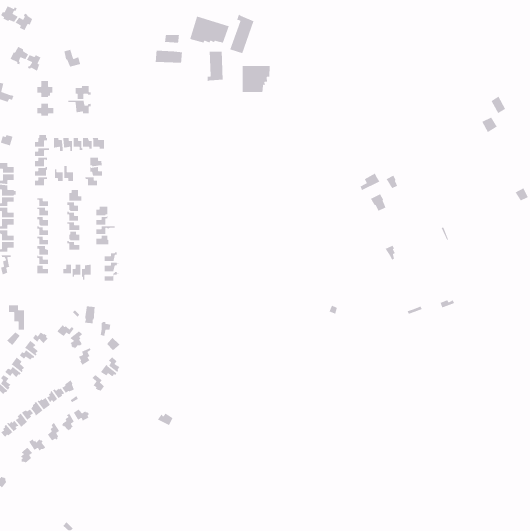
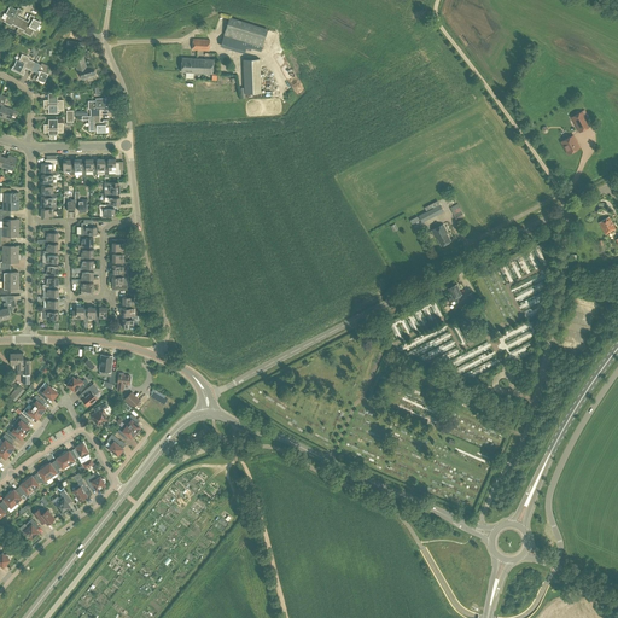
building: [229,13,255,54] -> none
building: [242,65,270,93] -> none

